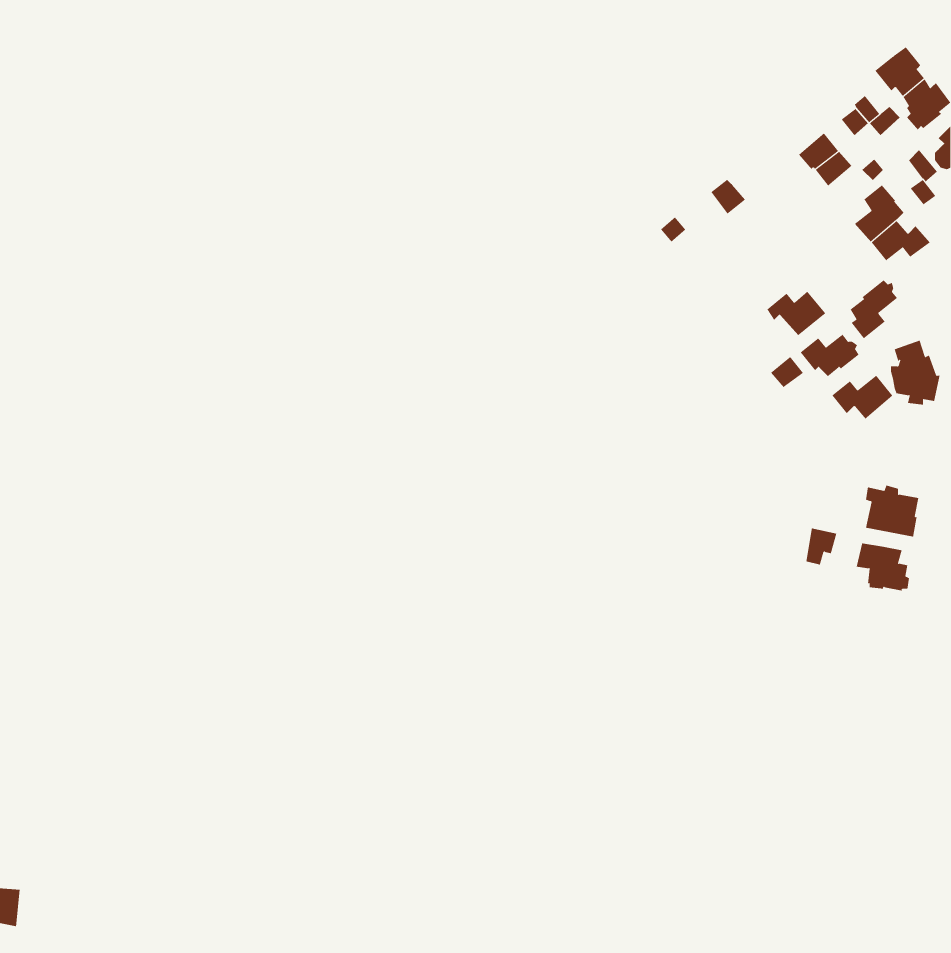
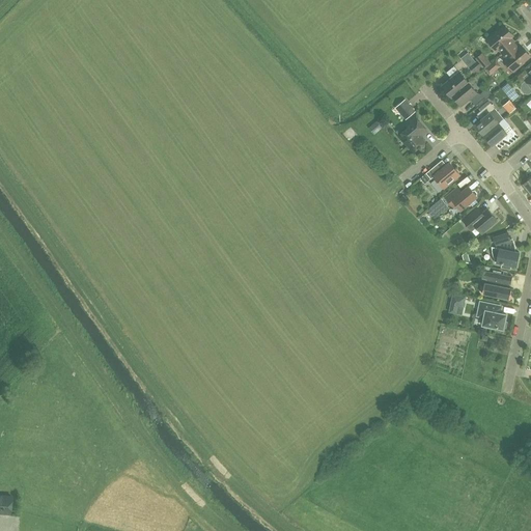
building: none -> [398,116,426,150]
building: [850,280,898,339] -> none
building: [890,340,941,405] -> [491,232,519,269]

